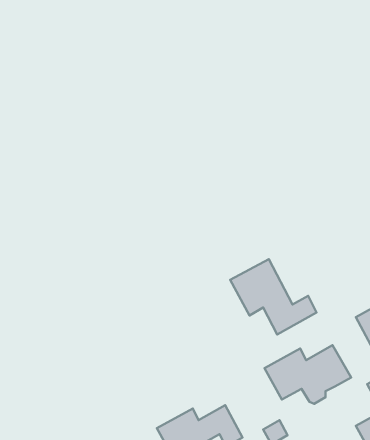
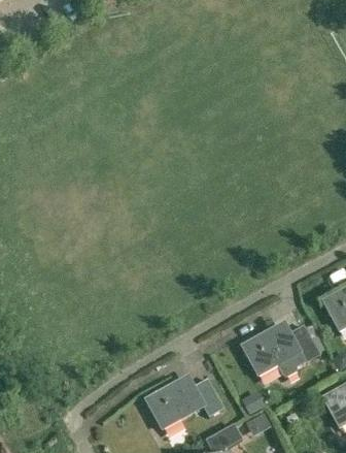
building: [230,259,317,334] -> none

